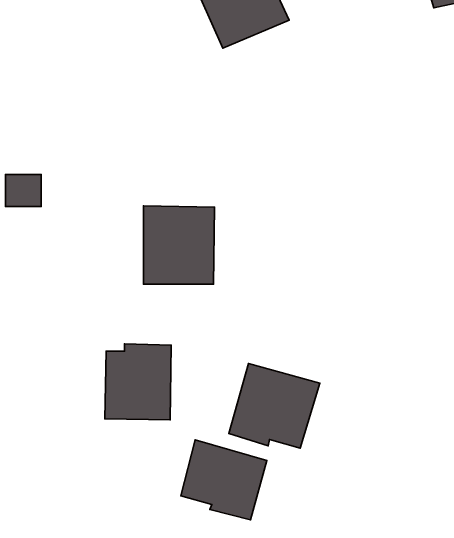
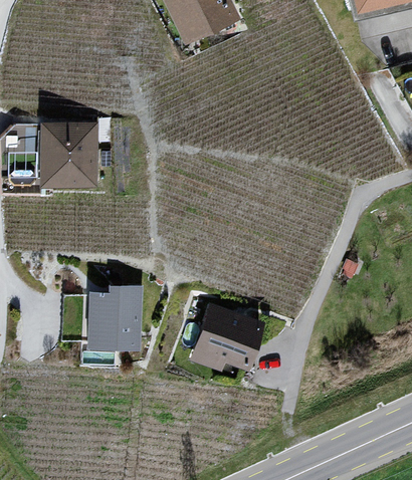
building: [143,206,215,284] -> [41,123,99,187]
building: [181,440,267,520] -> none

